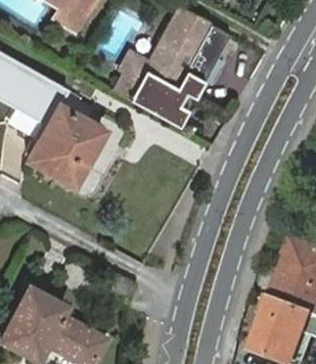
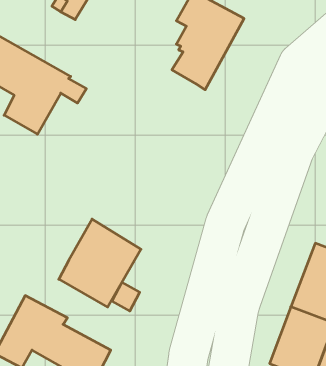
building: [112,35,184,125] -> none
building: [27,101,102,182] -> [59,219,141,307]

